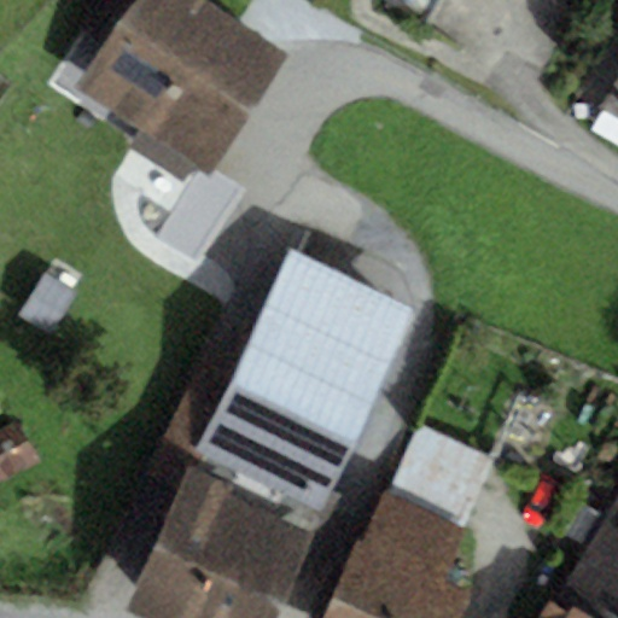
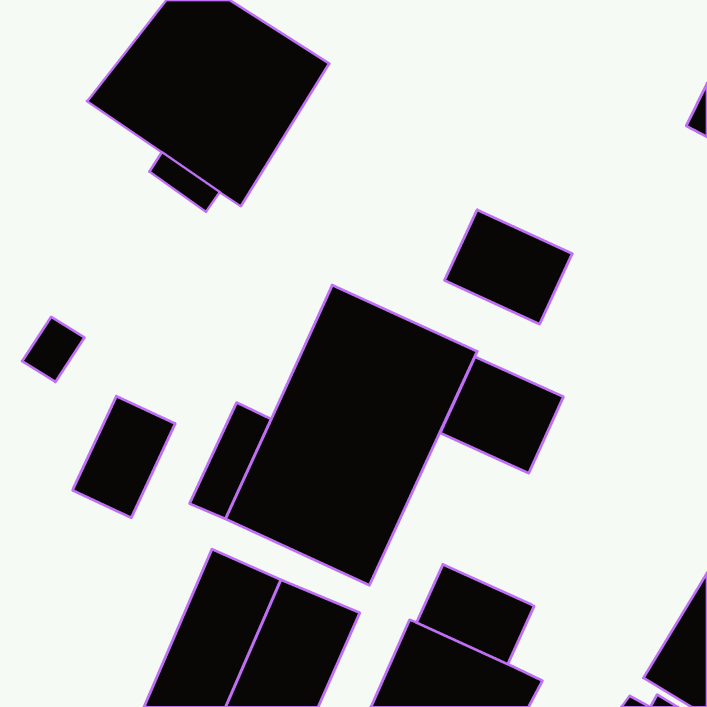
building: none -> [445,210,572,324]
building: none -> [73,396,175,518]
building: [386,426,494,527] -> [440,357,563,473]

